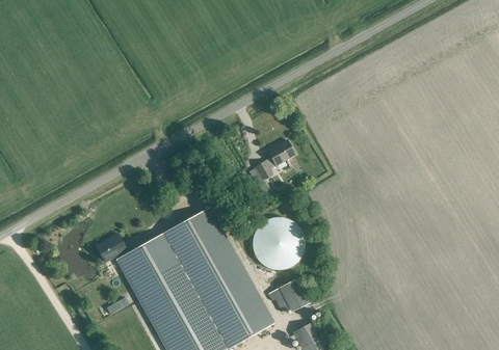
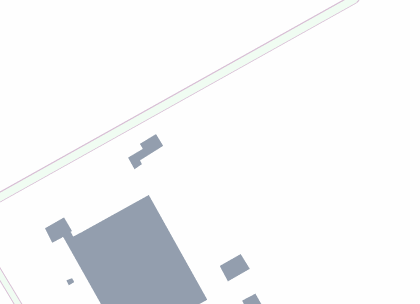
building: [254,141,293,181] -> [127,133,164,170]
building: [251,218,304,270] -> none

